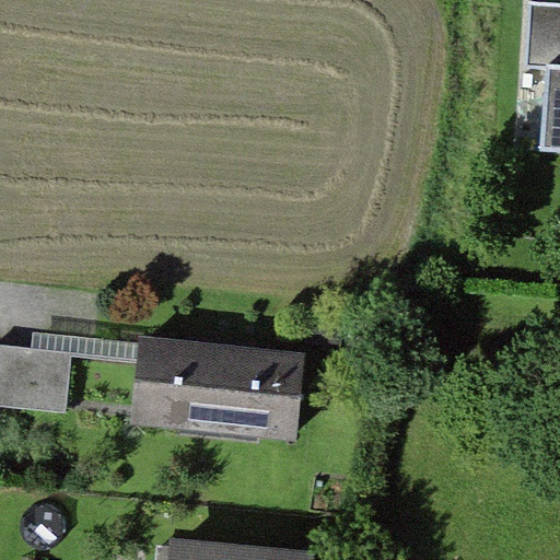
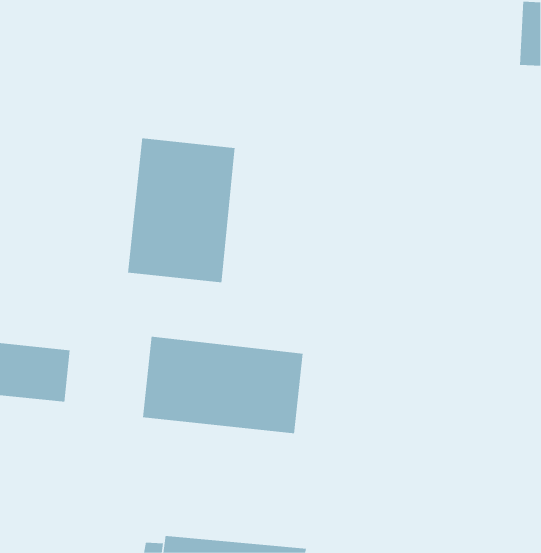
building: none -> [127,138,235,283]

